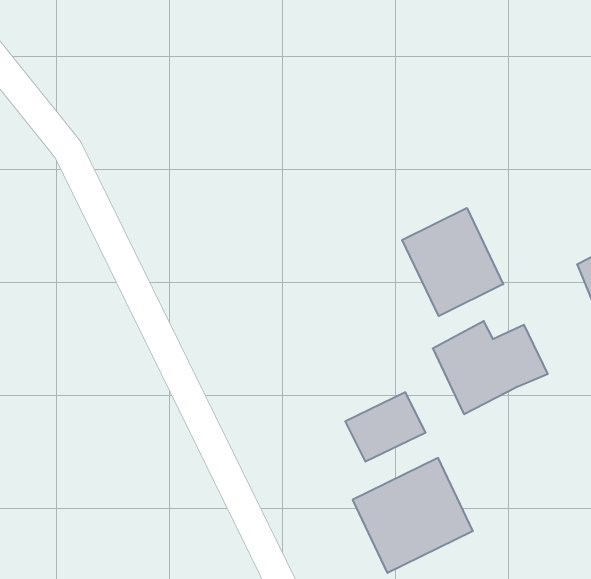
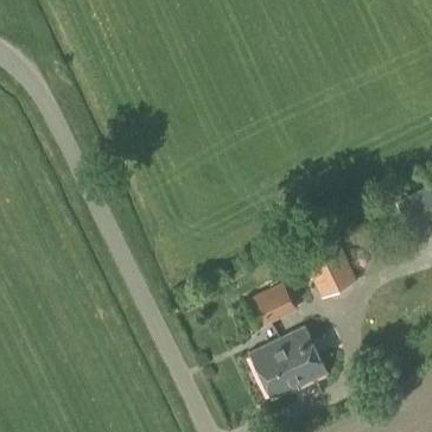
building: [402,208,503,316] -> none

